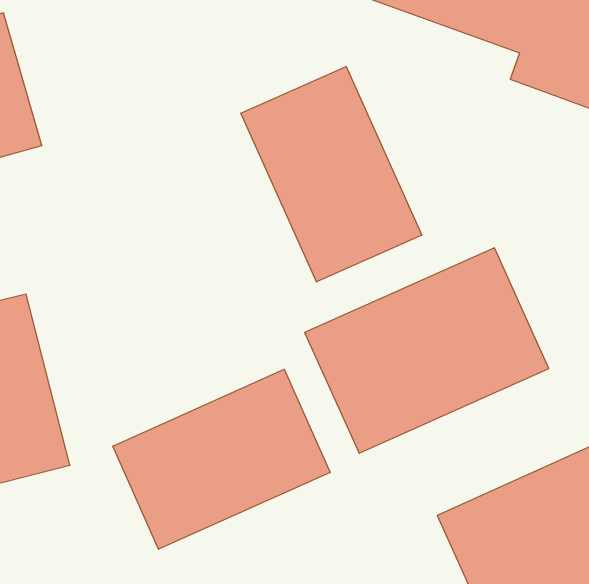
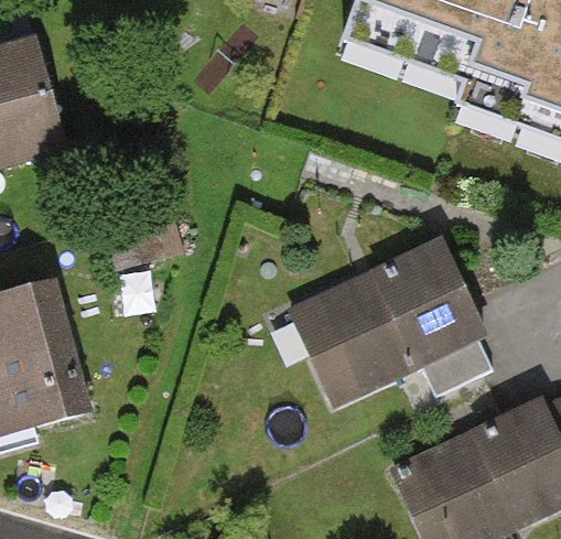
building: [241,66,422,282] -> none
building: [113,369,330,549] -> none

